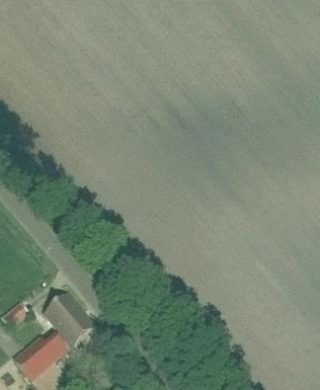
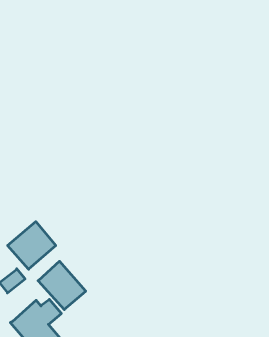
building: none -> [8,222,56,269]

